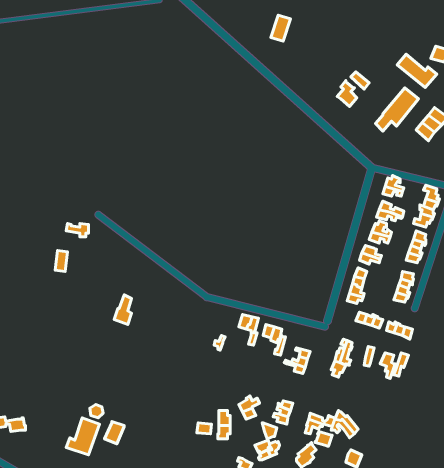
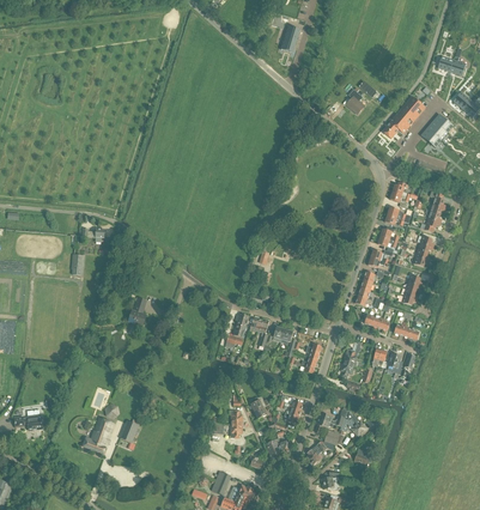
building: [397,54,437,87] -> none

